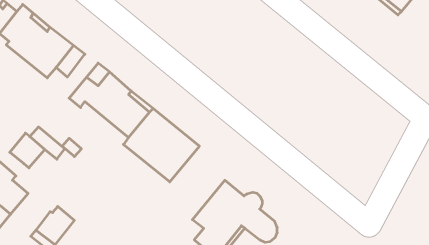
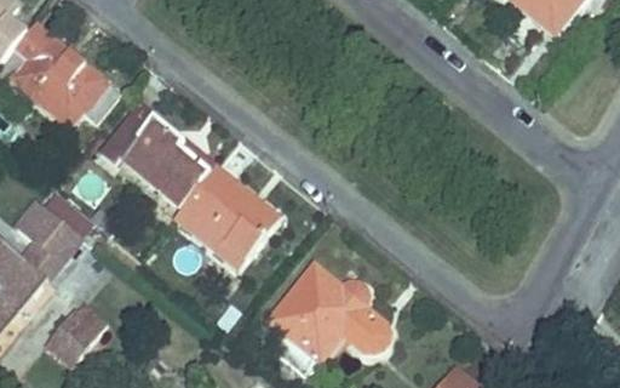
building: none -> [19,223,81,284]

